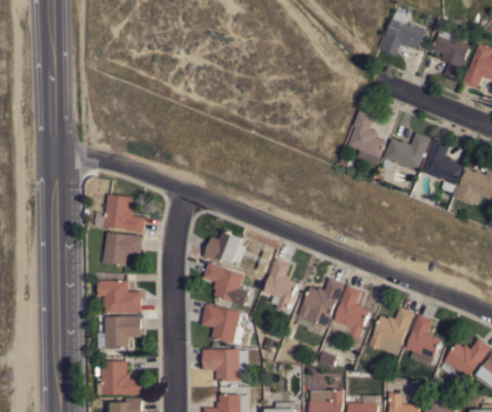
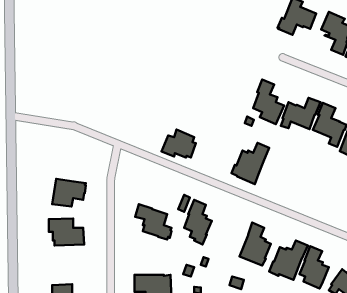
building: [103,194,145,233] -> none
building: [204,230,246,264] -> [161,130,196,157]
building: [297,278,344,329] -> [231,143,269,184]
building: [201,304,249,346] -> none
building: [98,316,141,349] -> none

